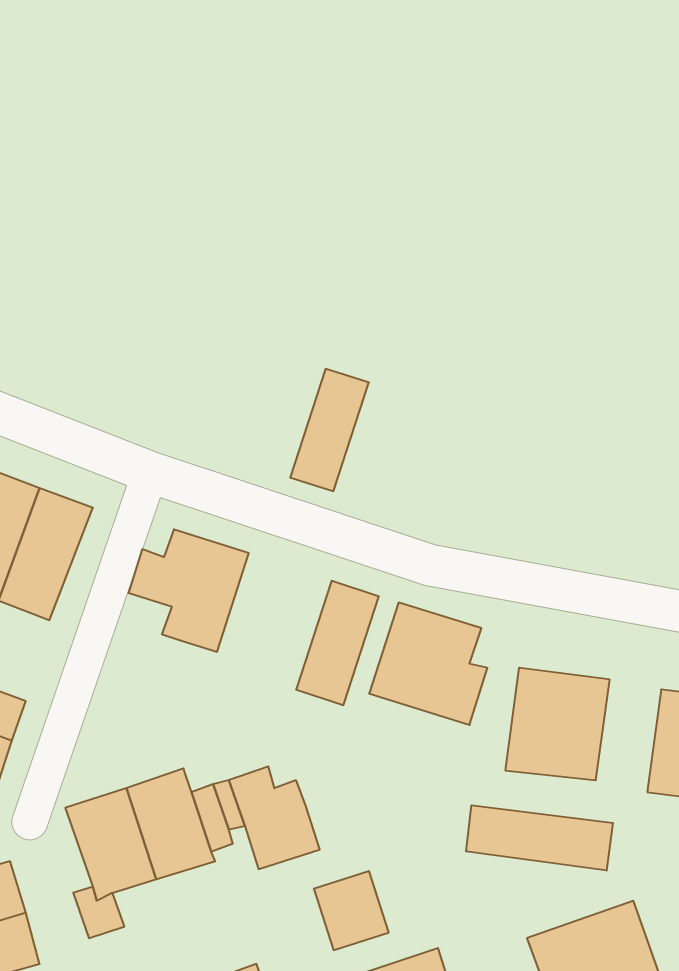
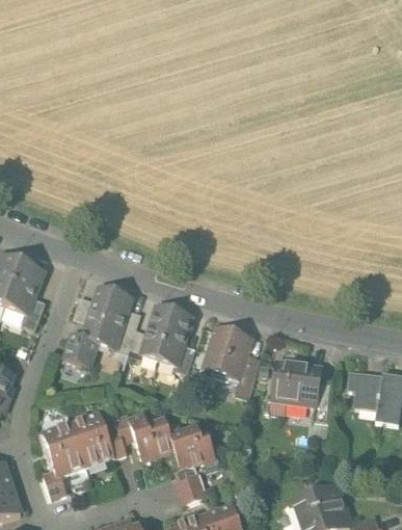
building: [290,369,369,491] -> [137,303,179,368]
building: none -> [58,332,99,370]
building: none -> [165,418,215,470]
building: [466,805,613,871] -> none

